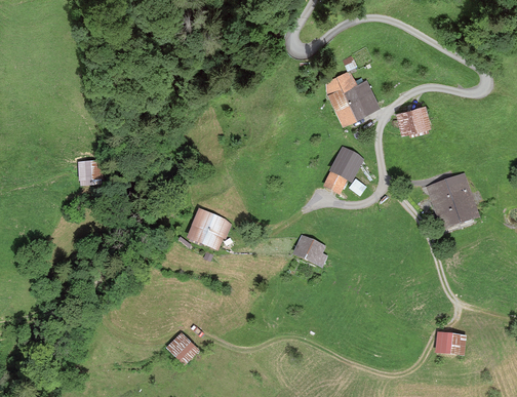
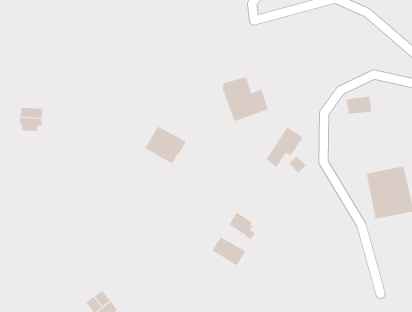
building: [327,72,375,118] -> [222,77,269,122]
building: [189,211,230,247] -> [144,126,187,164]
building: none -> [212,237,246,266]

